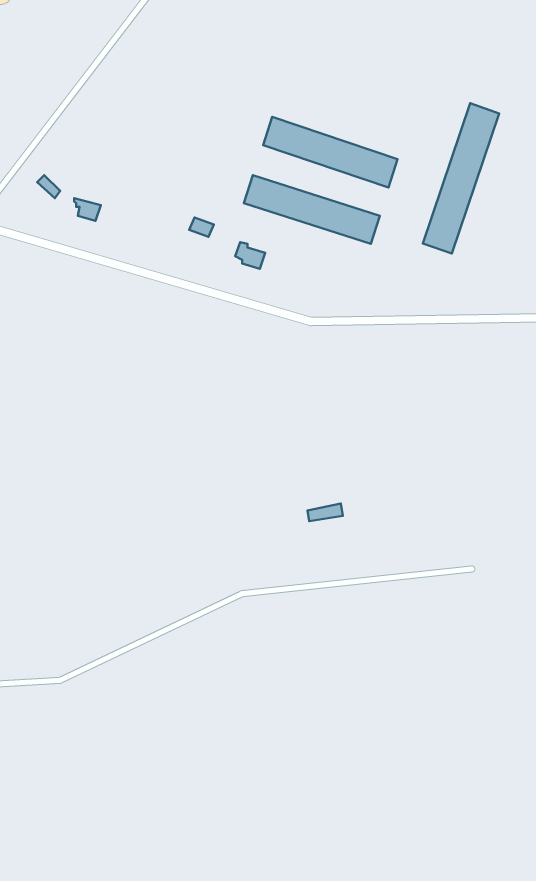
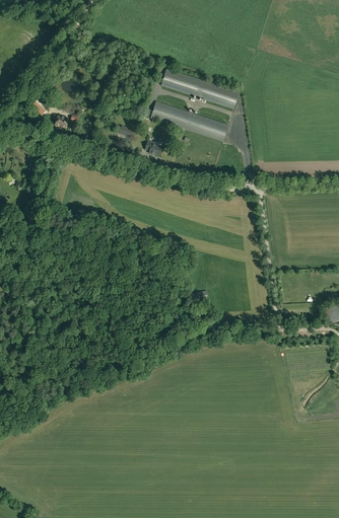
building: [423,103,499,254] -> none

